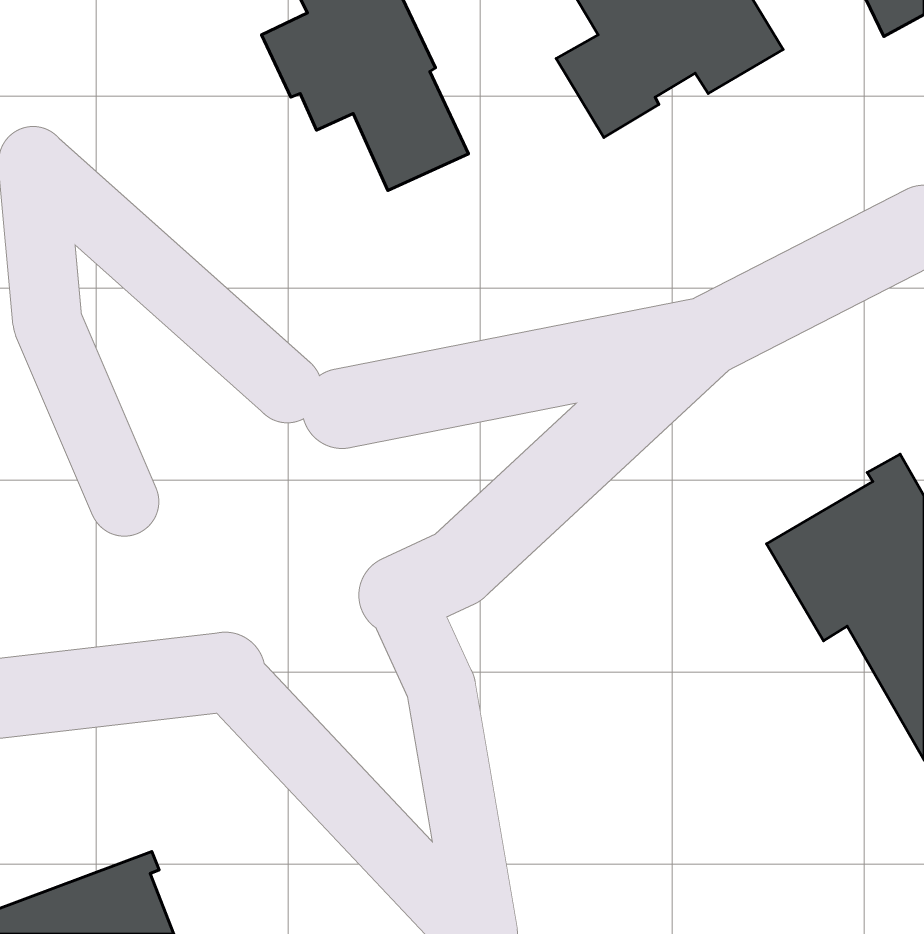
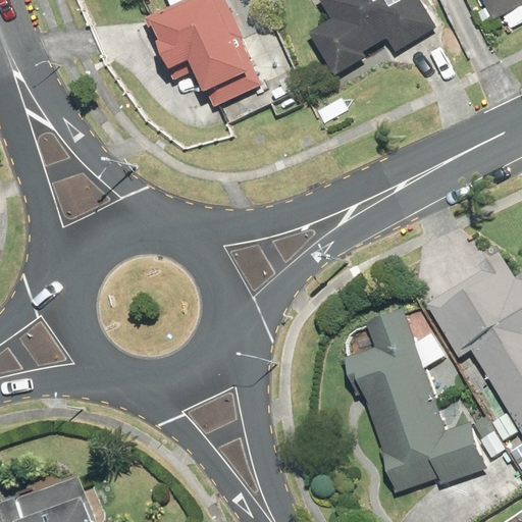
building: none -> [345,308,487,491]

